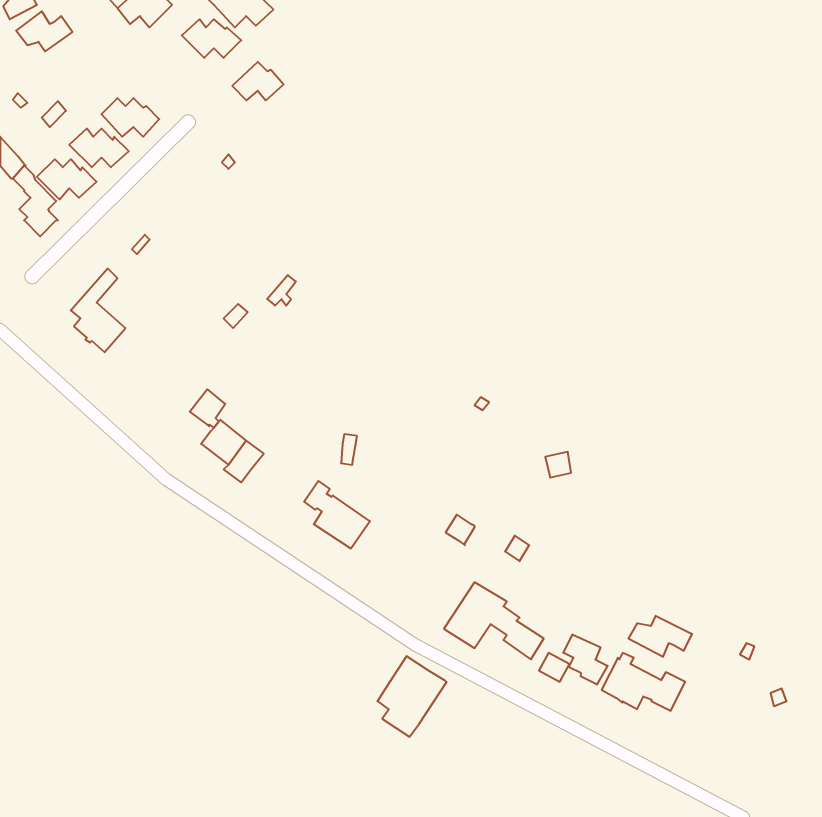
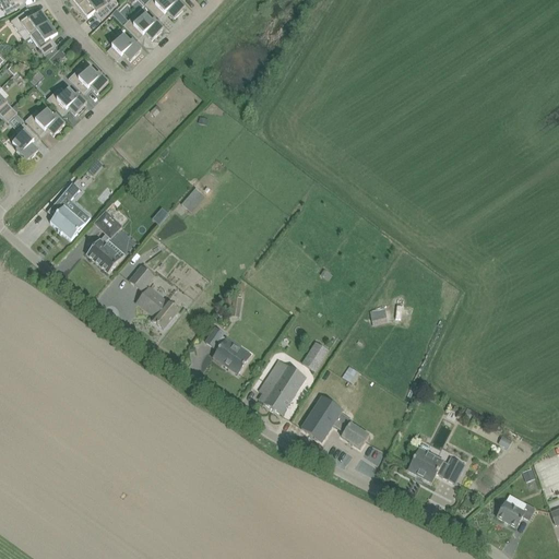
building: none -> [31,22,58,55]
building: [232,62,284,100] -> [107,34,142,60]
building: none -> [87,210,126,272]
building: [629,616,692,657] -> none
building: [563,634,608,685] -> none
building: [377,656,447,737] -> [260,359,307,414]
building: none -> [497,500,536,526]

